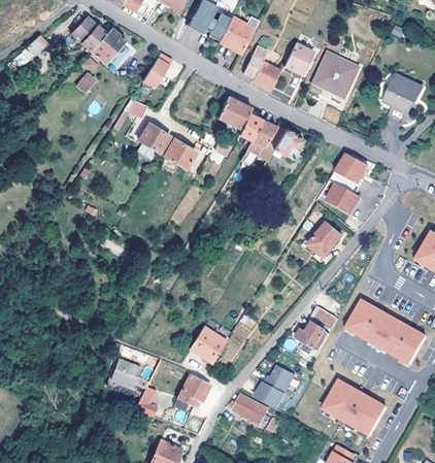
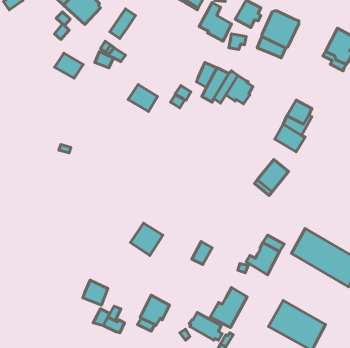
building: [218,98,252,130] -> none
building: [138,124,170,152] -> [55,53,83,78]
building: [190,328,226,364] -> [131,223,163,256]

